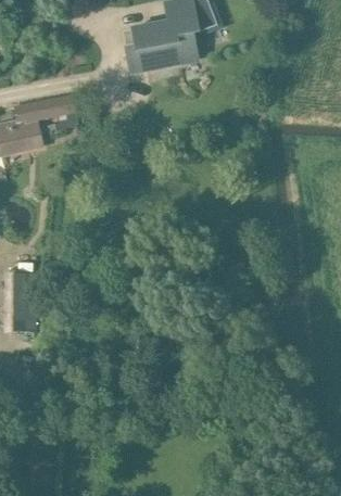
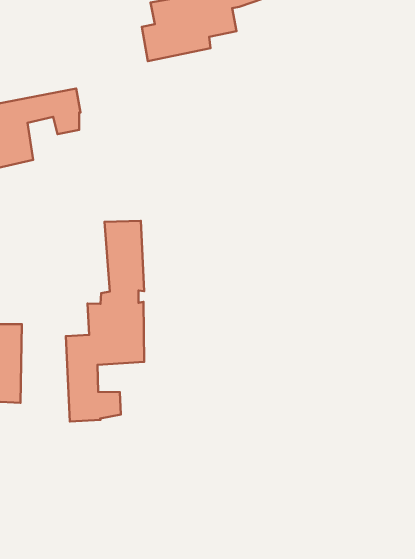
building: none -> [66,221,144,421]

